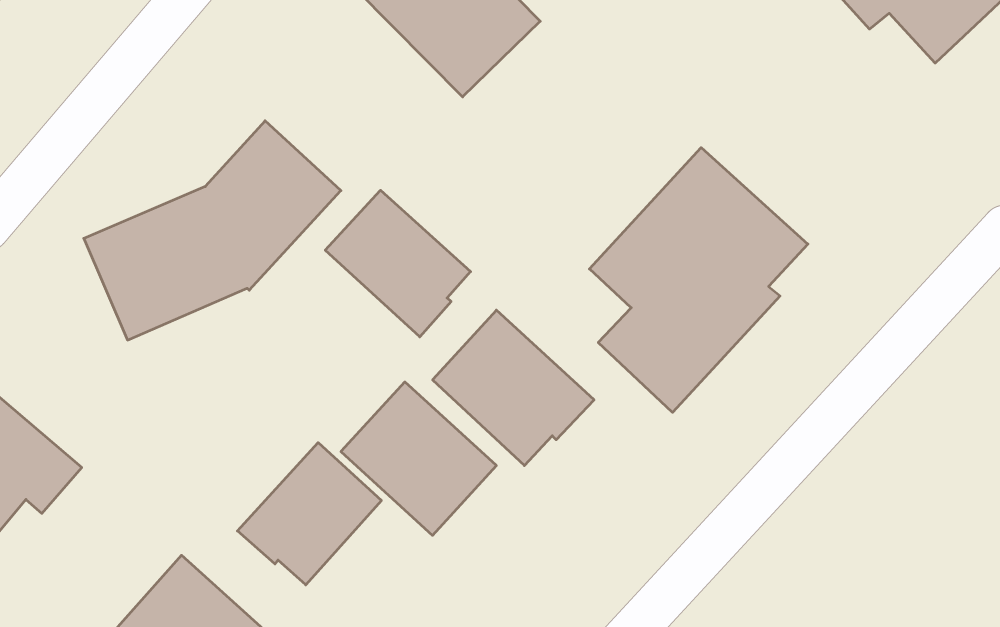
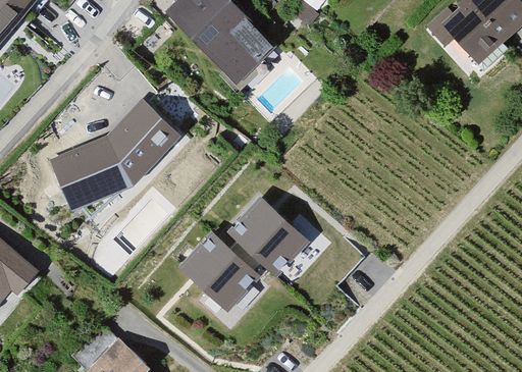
building: [589,148,808,412] -> none
building: [325,190,471,337] -> none
building: [237,443,381,585] -> none

